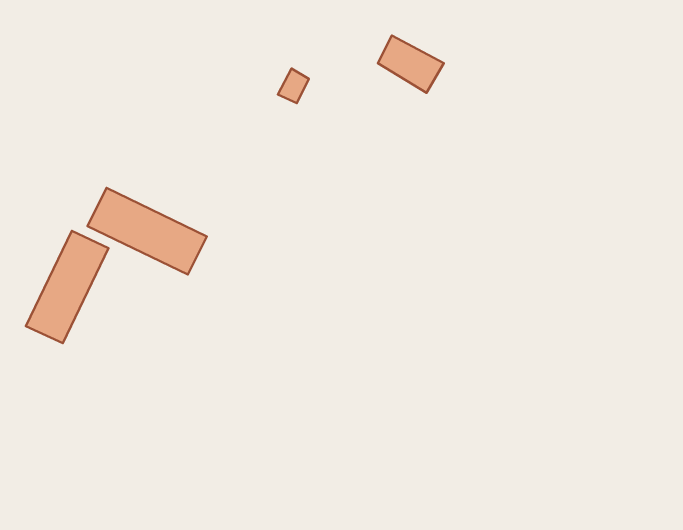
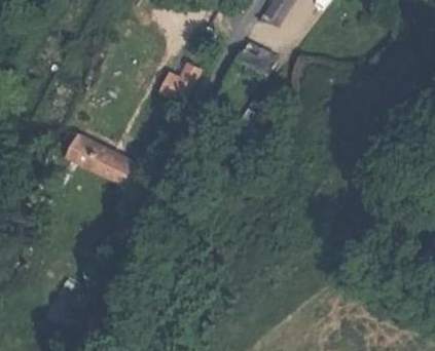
building: [26,231,109,343] -> none

